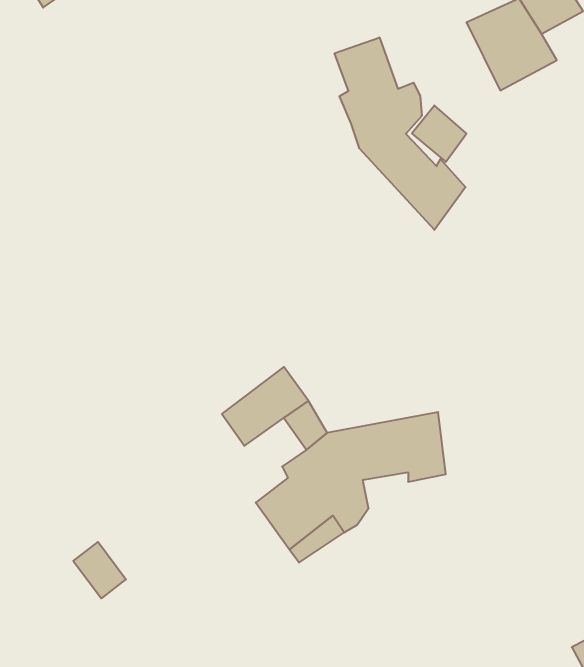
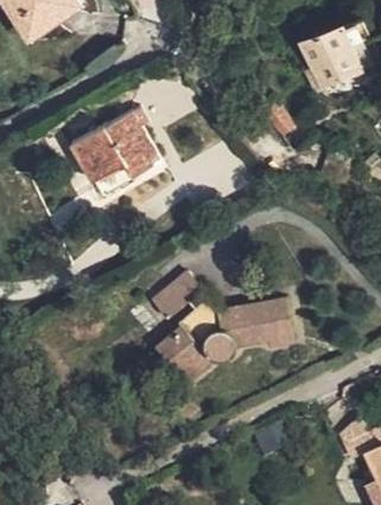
building: [335,37,466,230] -> none
building: none -> [74,120,154,185]

